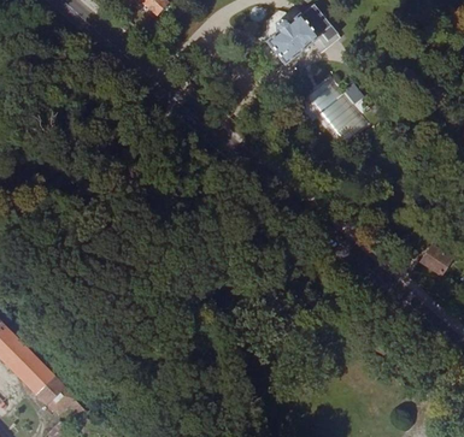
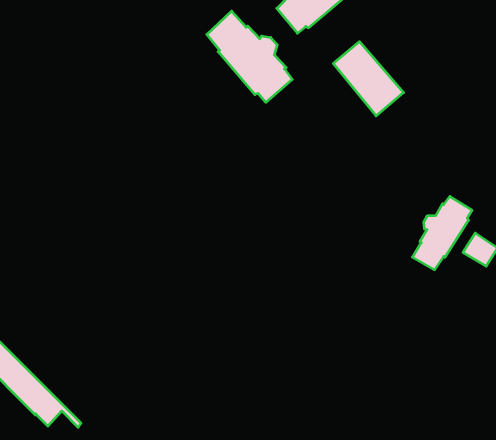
building: none -> [207,11,292,102]
building: none -> [412,196,472,270]

